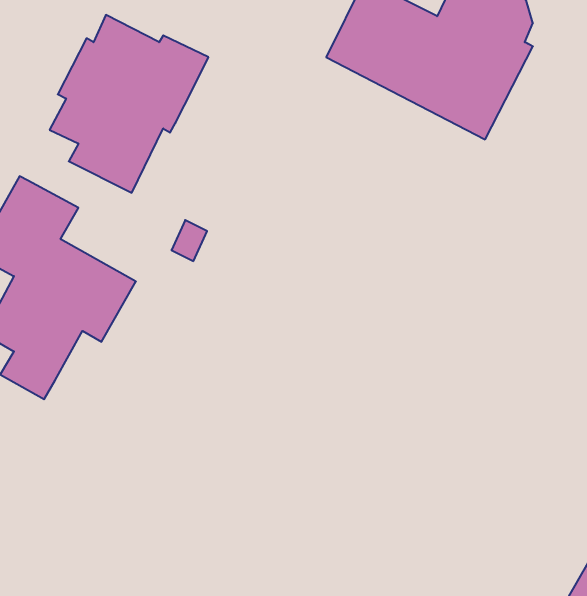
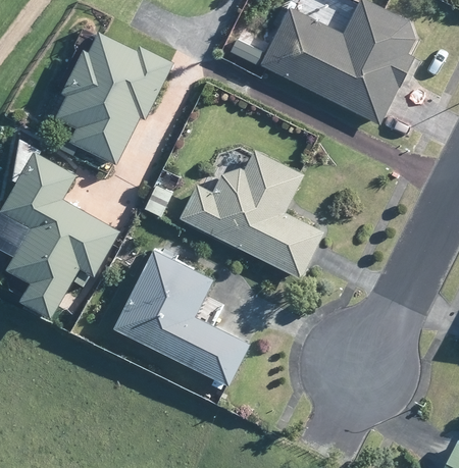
building: none -> [180,151,323,278]
building: none -> [111,250,248,386]

